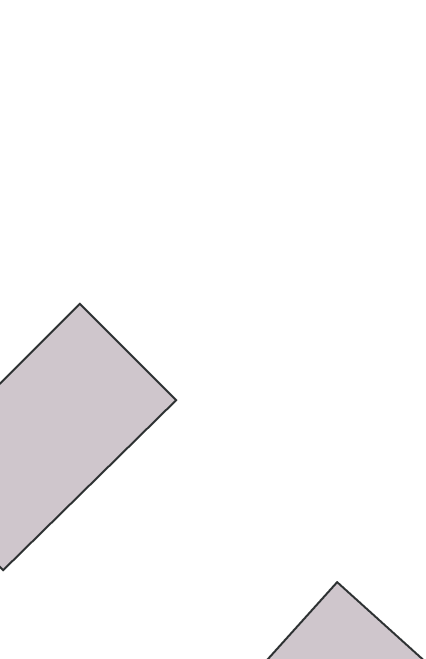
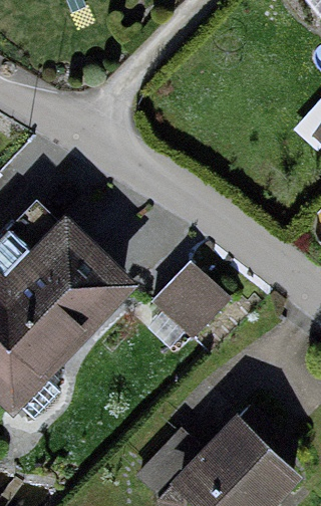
building: none -> [147,259,230,340]

